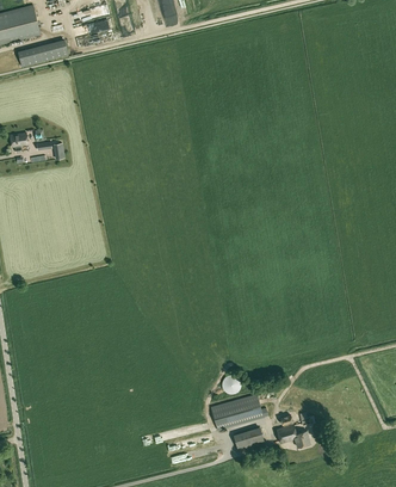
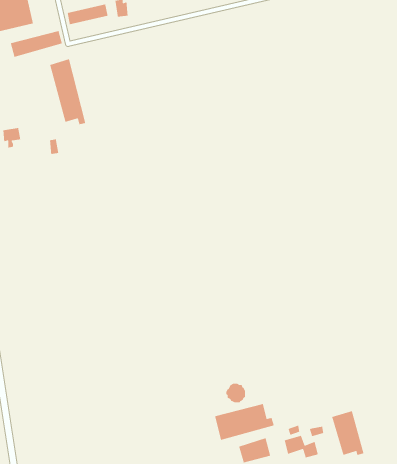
building: none -> [49,58,86,125]
building: none -> [331,410,365,456]

